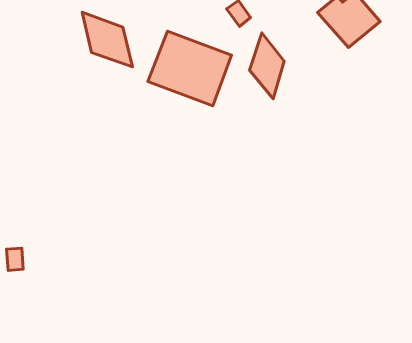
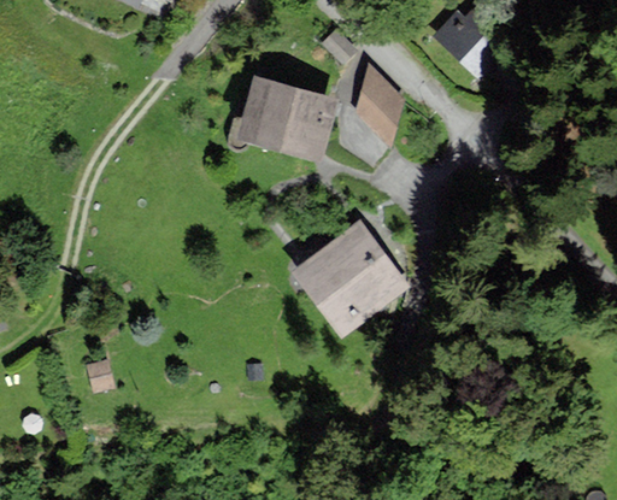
building: [82,12,132,67] -> none
building: none -> [296,223,402,329]

